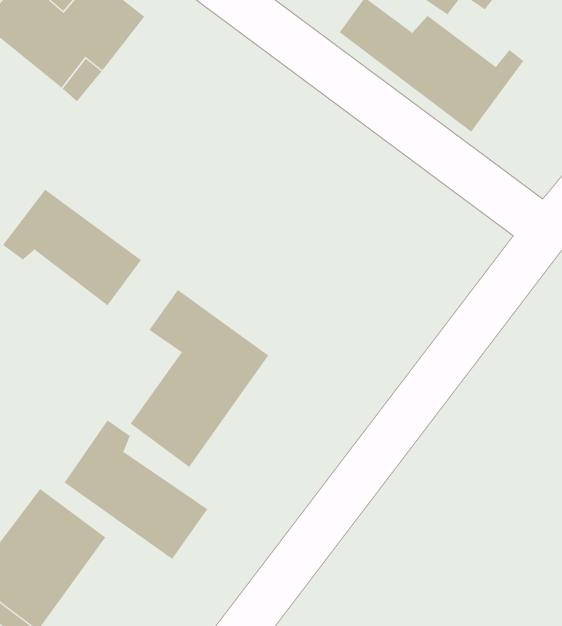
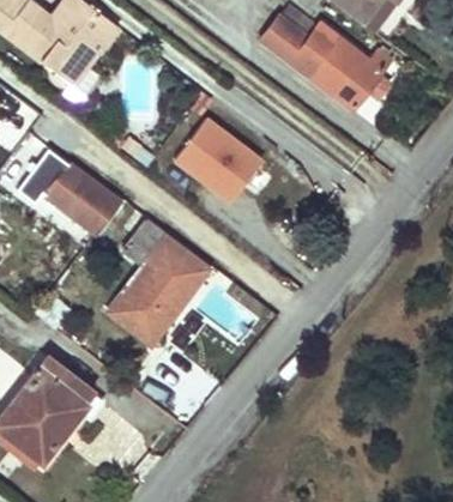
building: none -> [171,114,265,204]
building: [64,420,208,560] -> none

